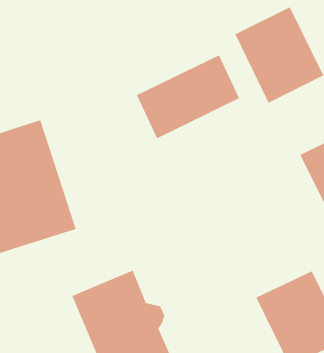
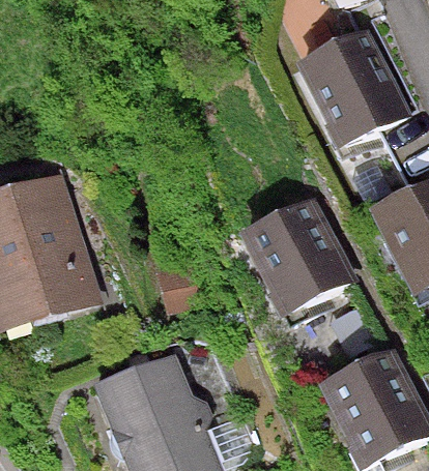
building: [136,55,240,139] -> none
building: none -> [241,197,352,315]

